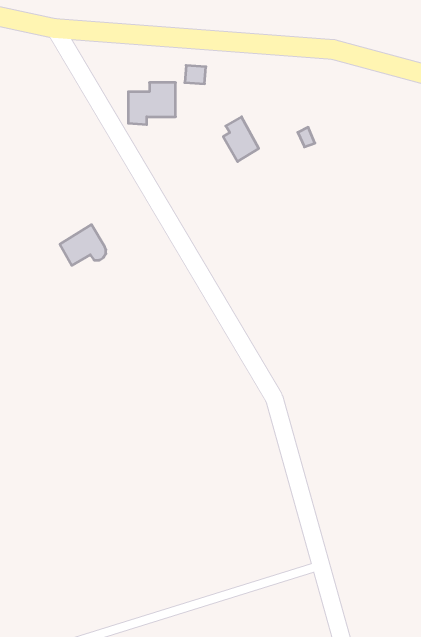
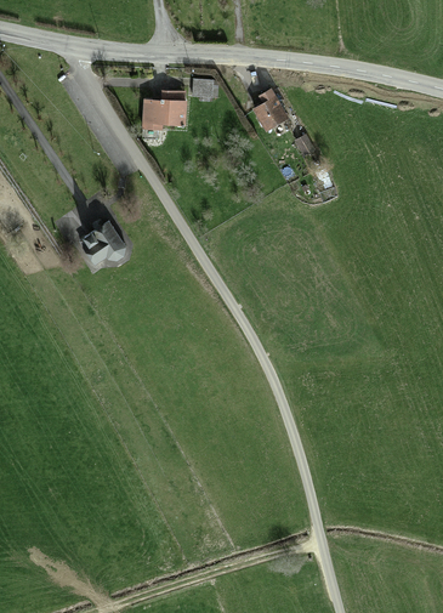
building: [223,117,259,162] -> [254,89,286,130]

